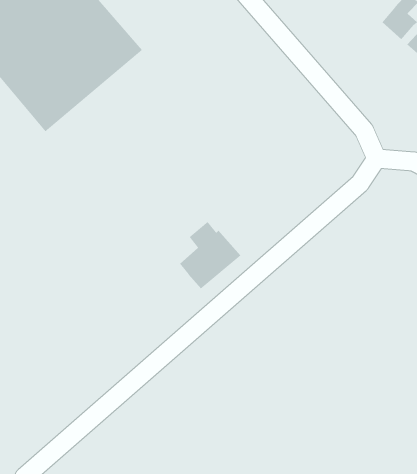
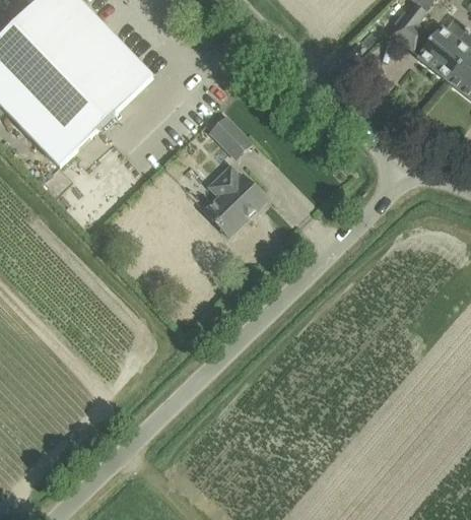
building: none -> [211,117,251,156]
building: [179,221,241,289] -> [205,166,267,235]

